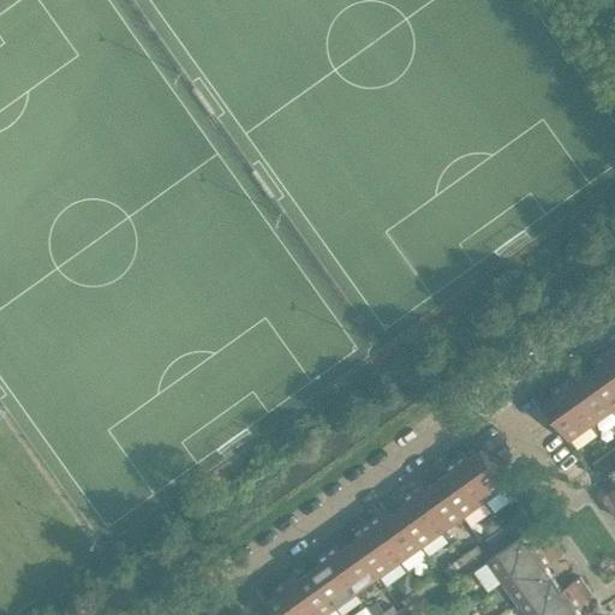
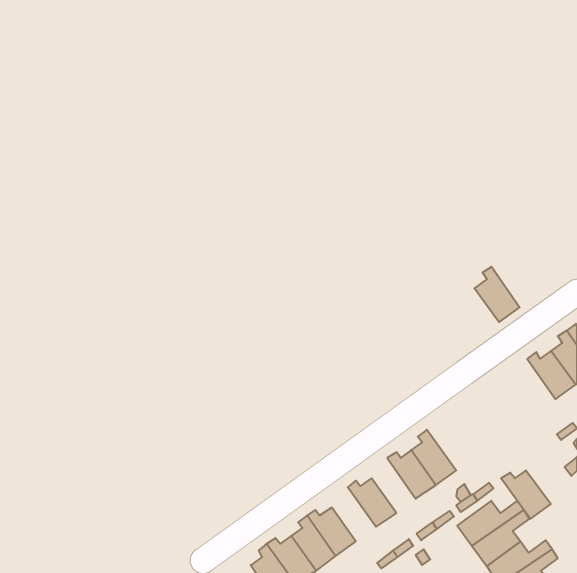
building: [543,386,591,444] -> [474,267,520,322]
building: [454,453,507,504] -> [501,470,551,519]
building: [395,491,442,550] -> none
building: [353,523,400,580] -> none

